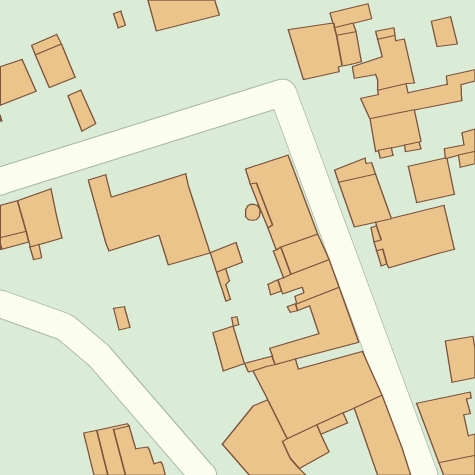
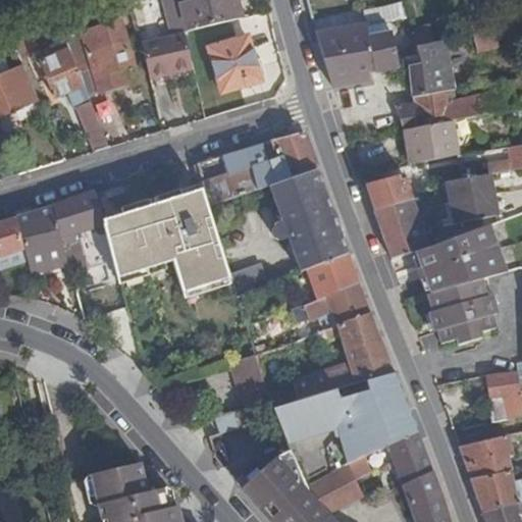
building: none -> [80,18,138,95]
building: none -> [142,31,194,75]
building: none -> [209,35,261,90]
building: none -> [196,130,316,205]
building: none -> [55,194,116,269]
building: none -> [426,277,492,344]

